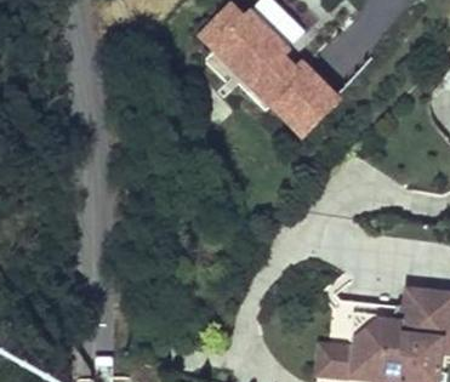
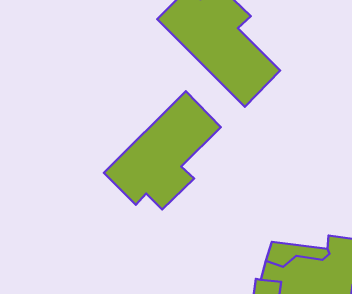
building: none -> [104,91,221,210]

